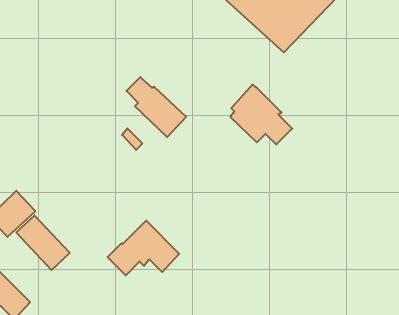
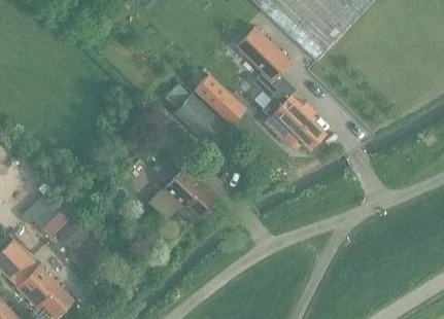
building: none -> [235,26,294,103]
building: none -> [194,74,243,122]
building: [108,221,179,275] -> [147,167,216,219]

